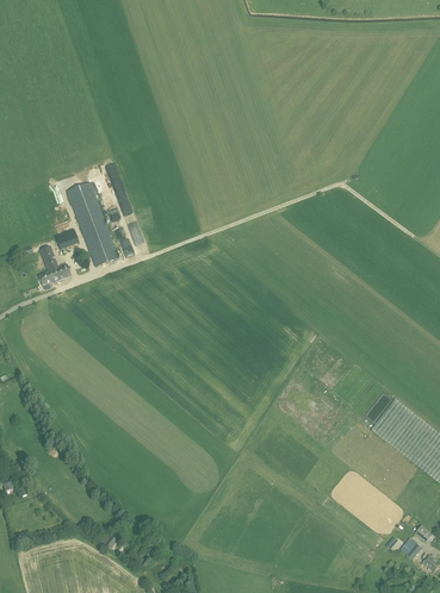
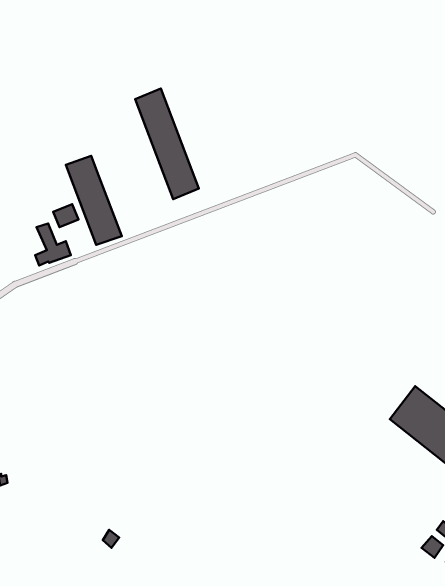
building: none -> [135,88,199,199]

